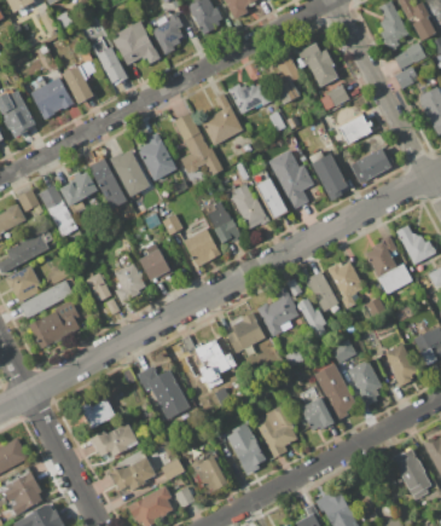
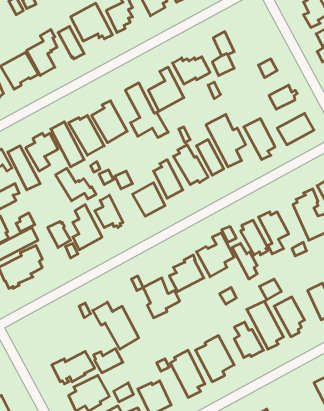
building: [297,42,338,87] -> none
building: none -> [56,168,96,201]
building: [81,399,115,427] -> [94,349,123,373]

